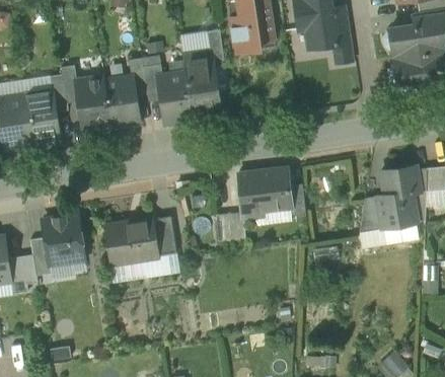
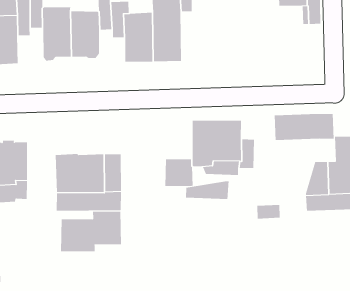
building: none -> [274,113,334,141]
building: none -> [186,180,229,200]
building: none -> [60,211,121,252]

